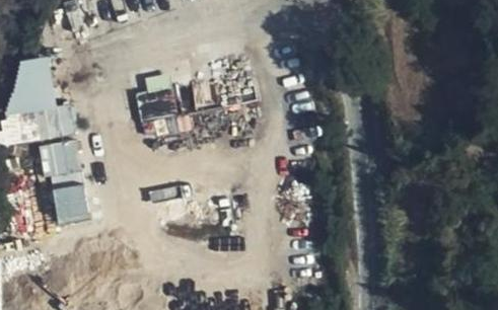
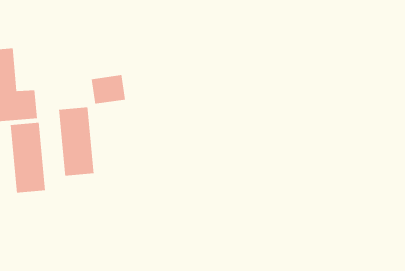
building: none -> [59,107,94,177]

